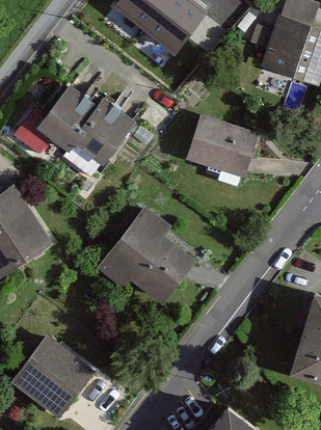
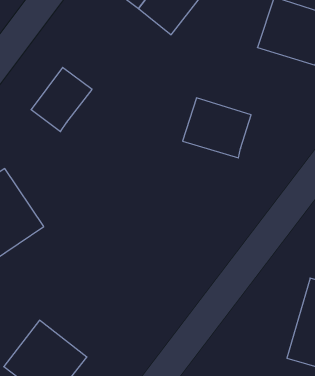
building: [74,100,134,162] -> none
building: [99,208,195,304] -> none

